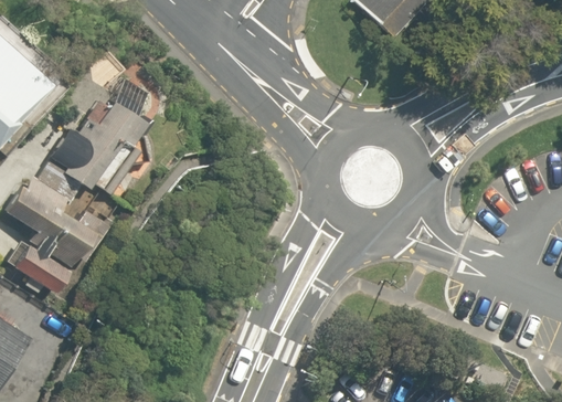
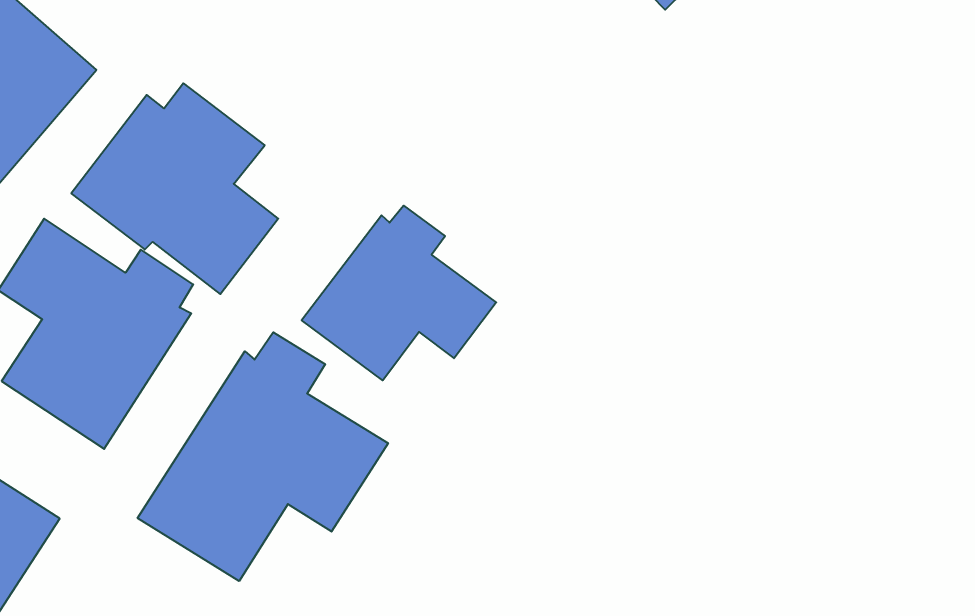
building: none -> [302,206,496,380]
building: none -> [138,332,388,581]

